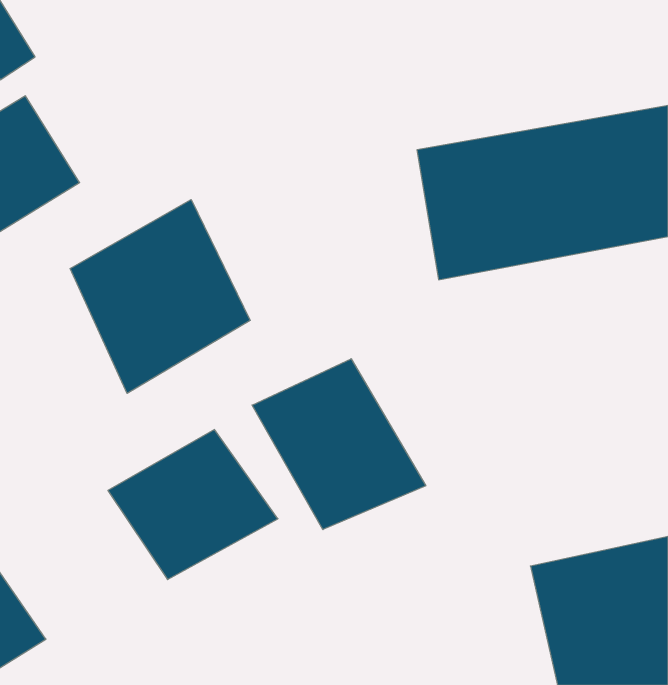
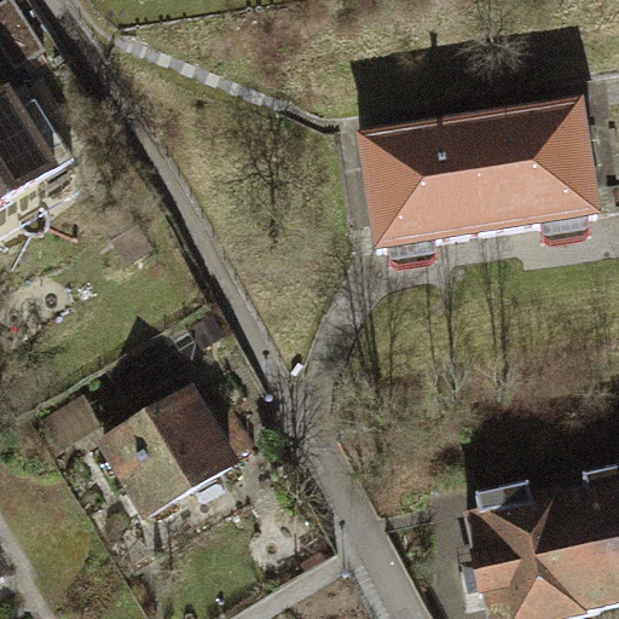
building: [70,200,250,393] -> none
building: [252,359,426,530] -> none

